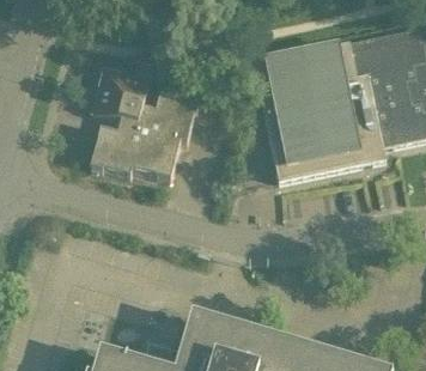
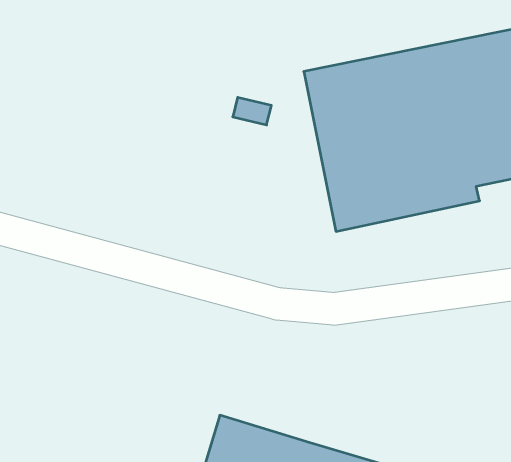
building: [93,63,200,176] -> none

